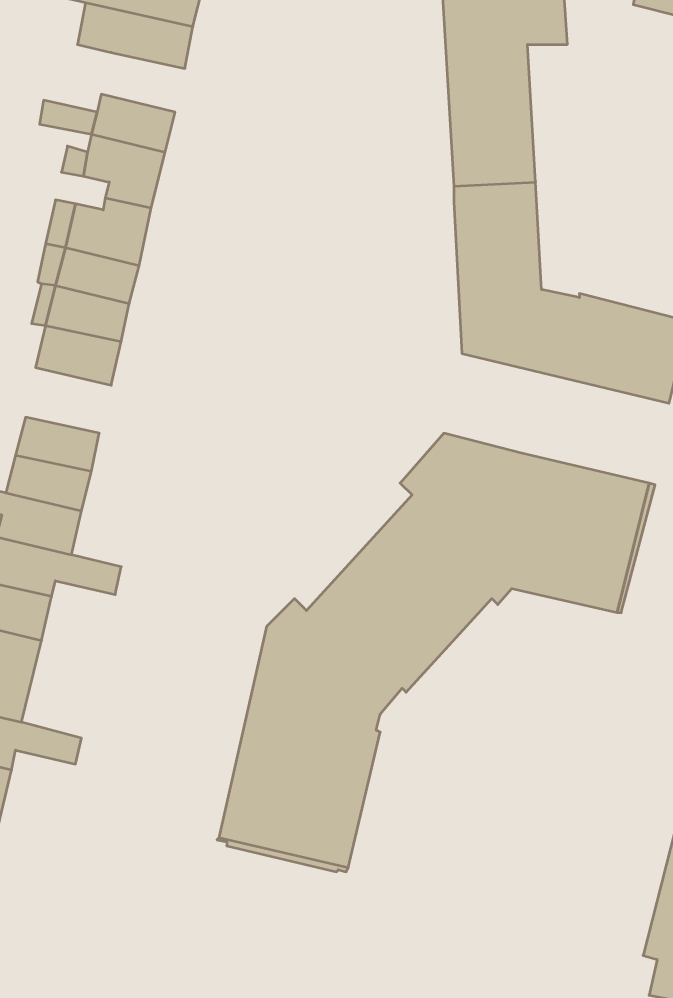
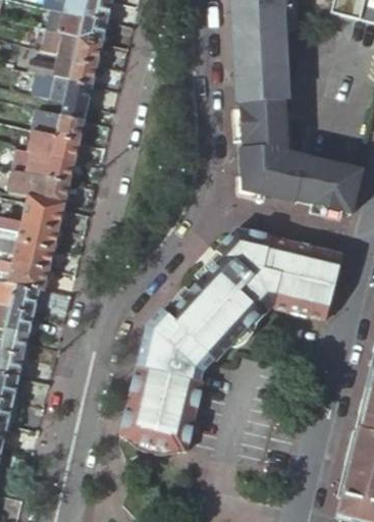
building: none -> [59,33,102,63]
building: none -> [20,194,64,227]

